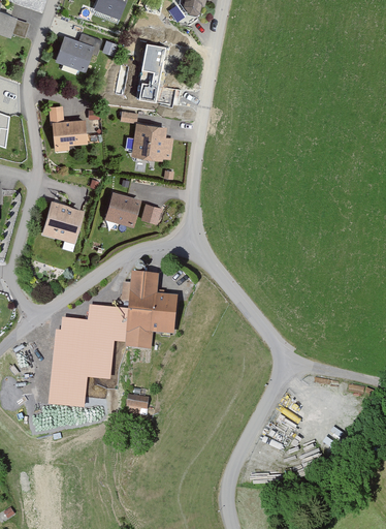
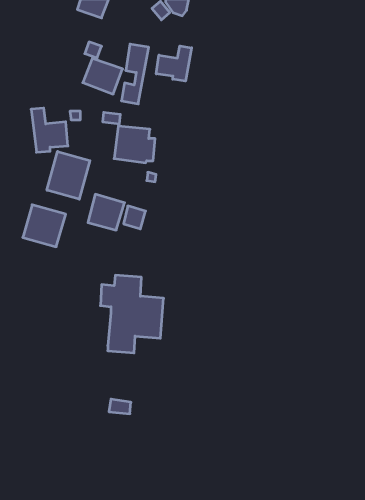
building: [56,36,95,71] -> [83,58,123,94]
building: none -> [156,46,192,81]
building: none -> [47,151,90,199]
building: [49,304,128,405] -> none

